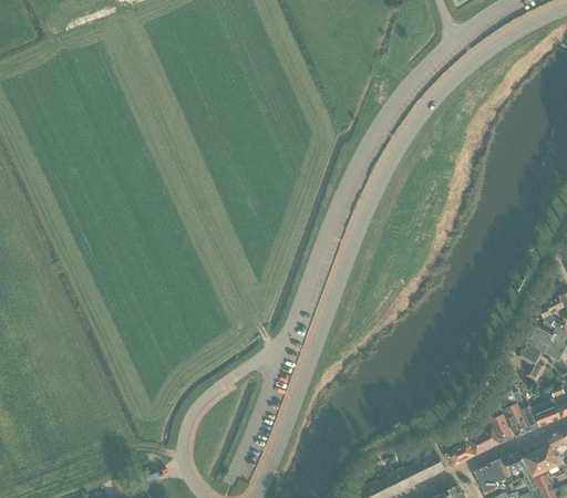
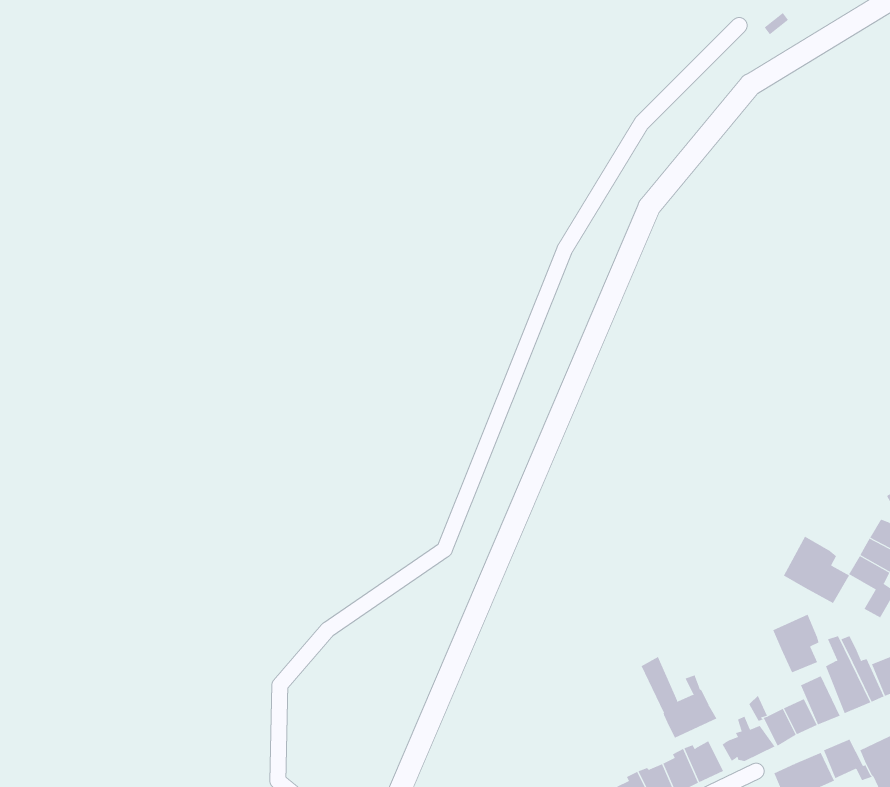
building: none -> [783,536,850,604]
building: none -> [773,614,819,673]
building: none -> [641,656,717,739]

